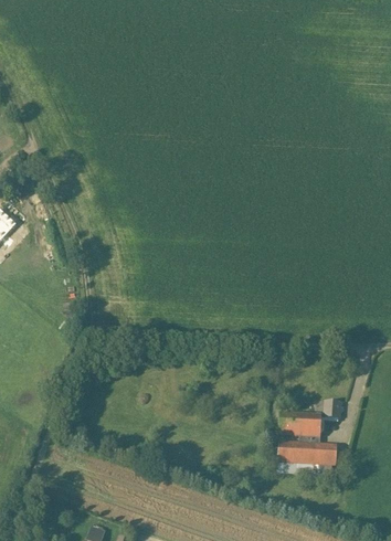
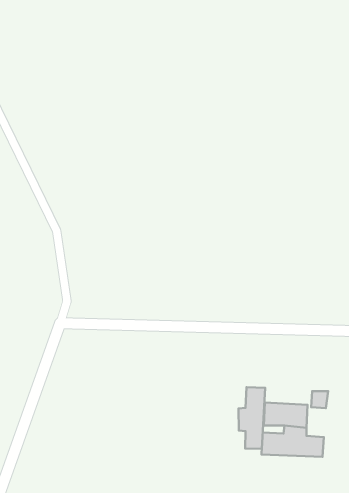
building: none -> [239,387,265,449]

